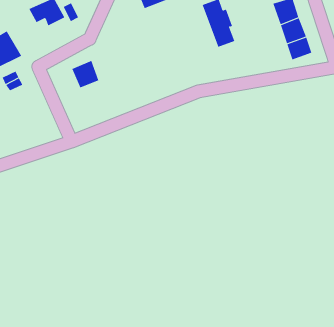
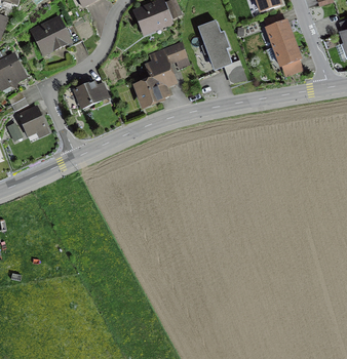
building: none -> [136,42,185,105]
building: none -> [16,106,46,138]

